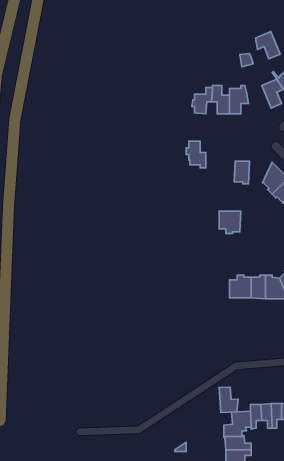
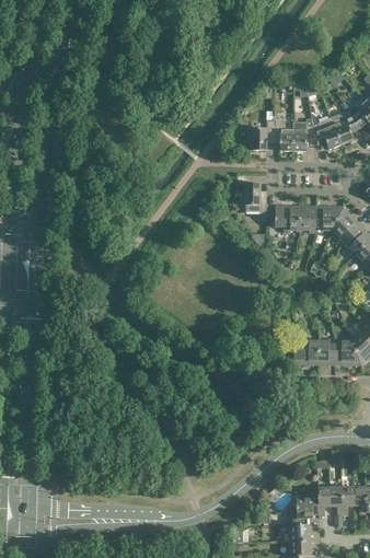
building: [256,31,280,59] -> [313,118,342,150]
building: none -> [315,206,343,233]
building: [219,211,241,234] -> [275,206,300,232]
building: [219,387,238,413] -> none

